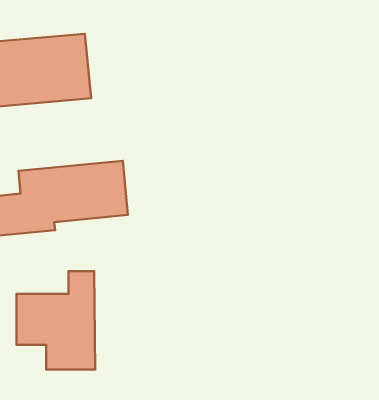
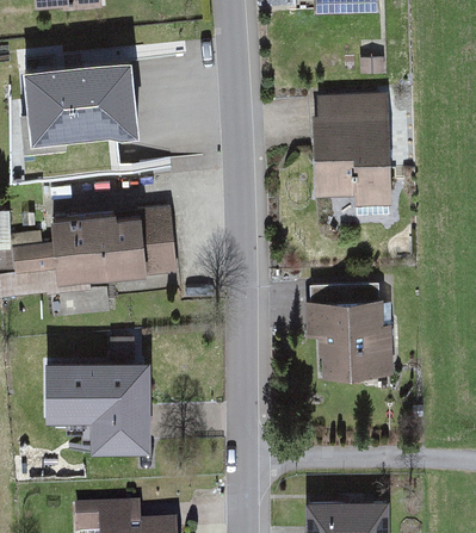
building: none -> [313,93,394,205]
building: none -> [305,299,395,379]

